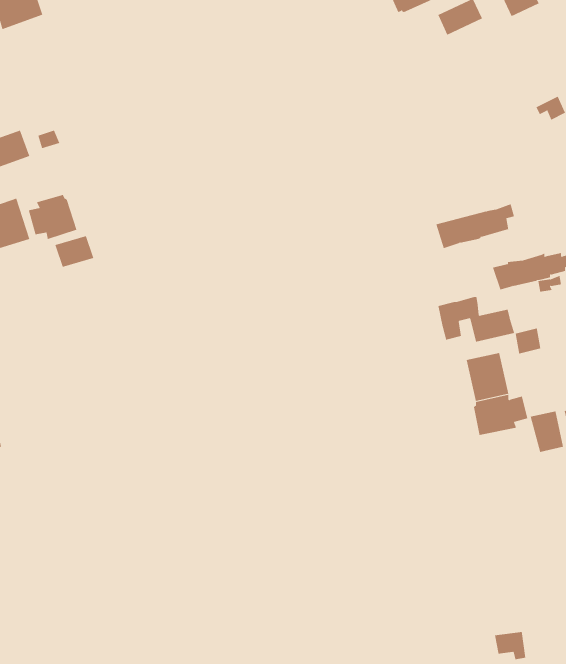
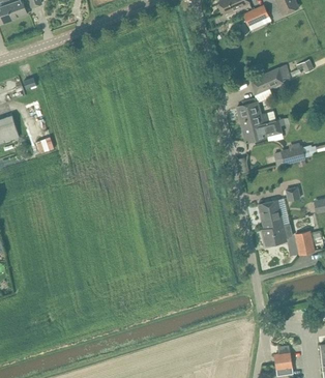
building: none -> [252,63,290,95]
building: none -> [237,101,270,129]
building: [28,194,77,240] -> none
building: [438,296,515,342] -> none

